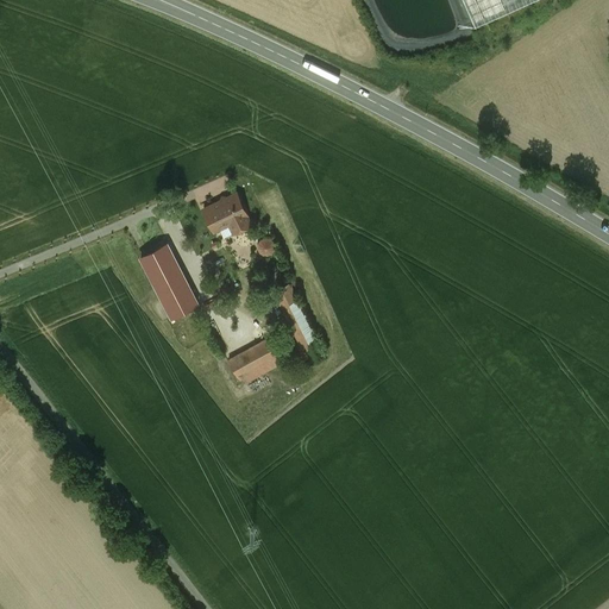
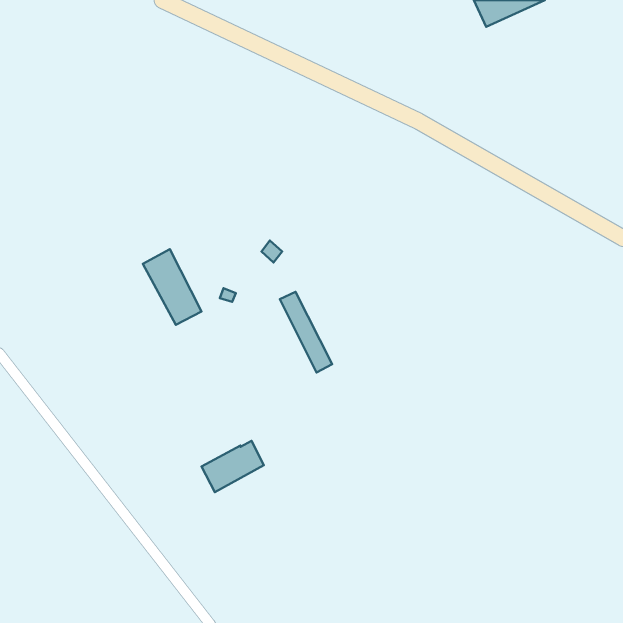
building: [202,194,250,231] -> none
building: [227,335,288,385] -> [201,441,264,492]

